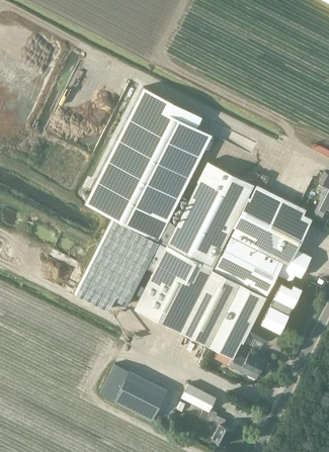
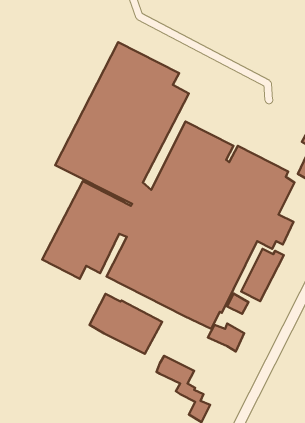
building: [99,365,168,422] -> [89,294,162,354]

